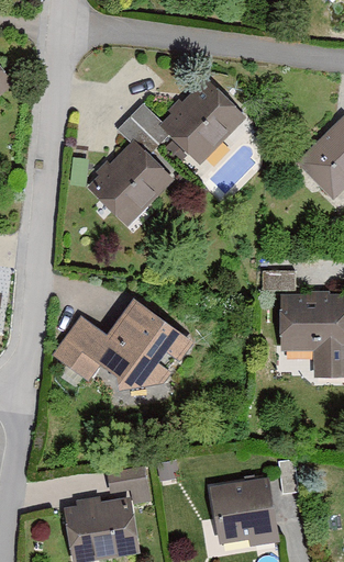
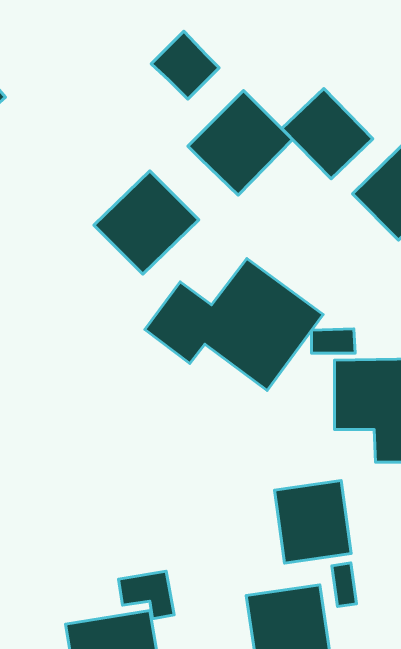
building: none -> [282,89,373,179]
building: [116,103,171,158] -> [151,31,219,99]
building: [52,297,196,404] -> [145,259,323,391]
building: none -> [275,480,351,563]

